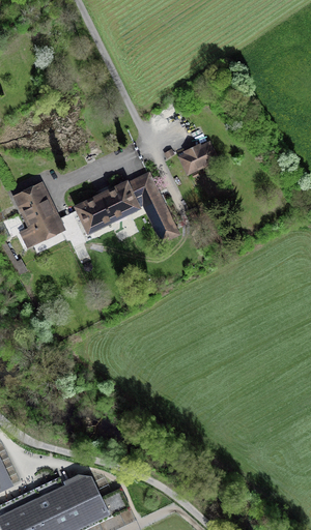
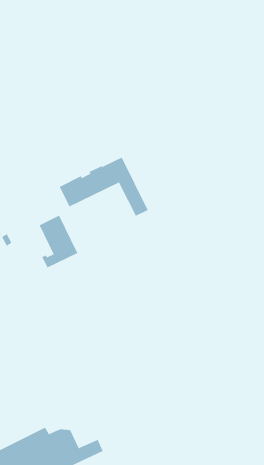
building: [181,144,217,173] -> none
building: [18,186,61,245] -> [39,215,78,268]

